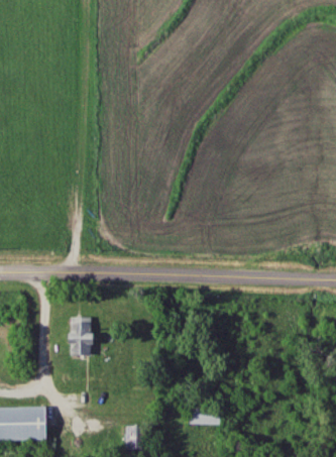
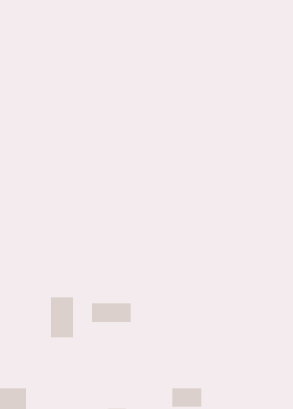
building: none -> [92,303,131,323]

